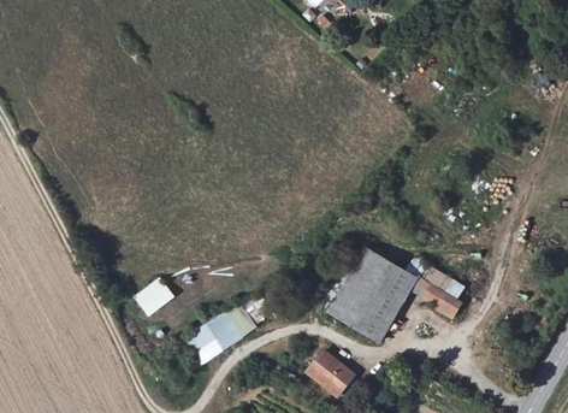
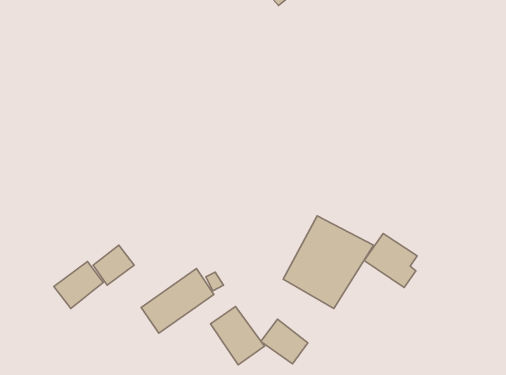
building: none -> [54,262,103,308]
building: none -> [211,307,264,365]

